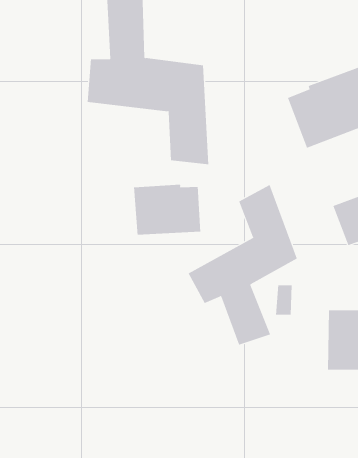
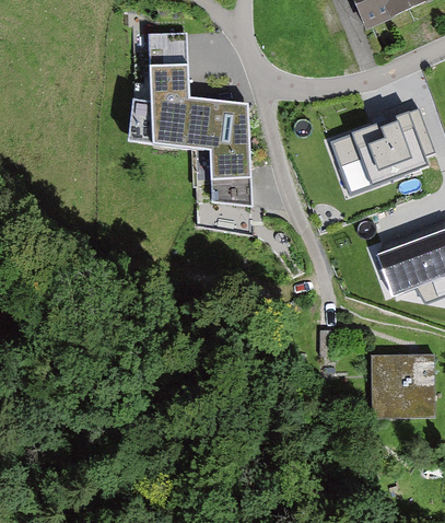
building: [134,184,201,236] -> none
building: [188,184,297,345] -> none

